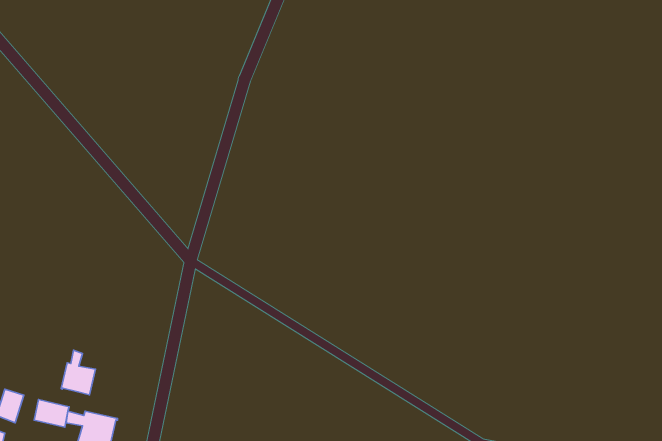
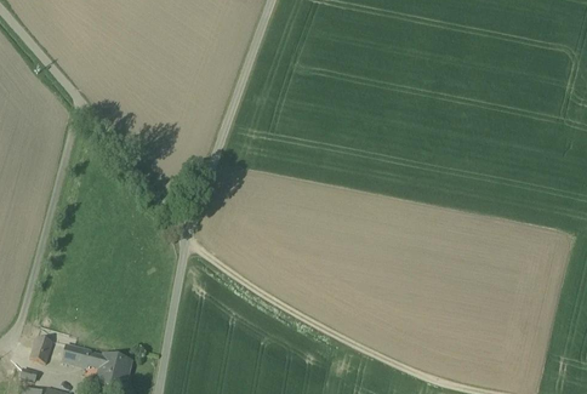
building: [61,350,96,395] -> none

